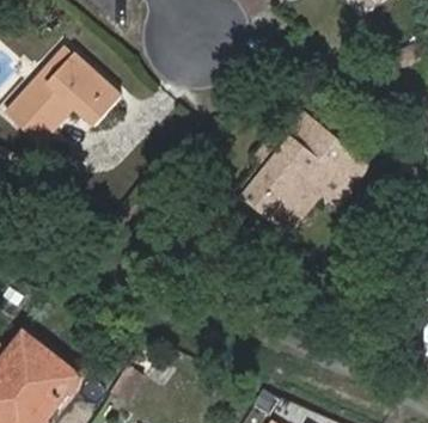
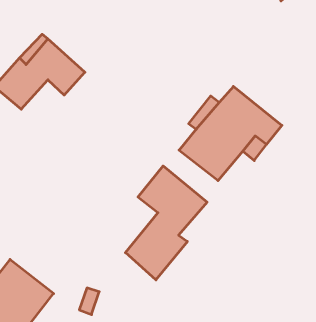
building: none -> [125,166,207,280]

